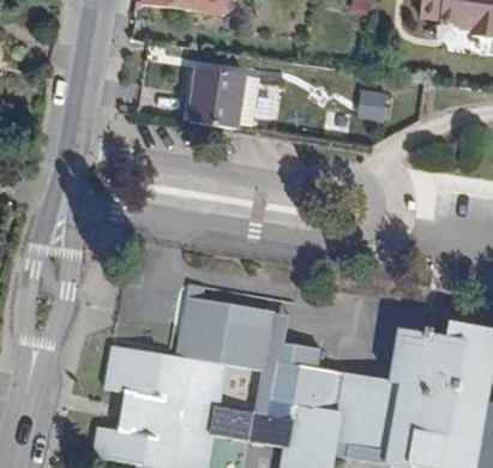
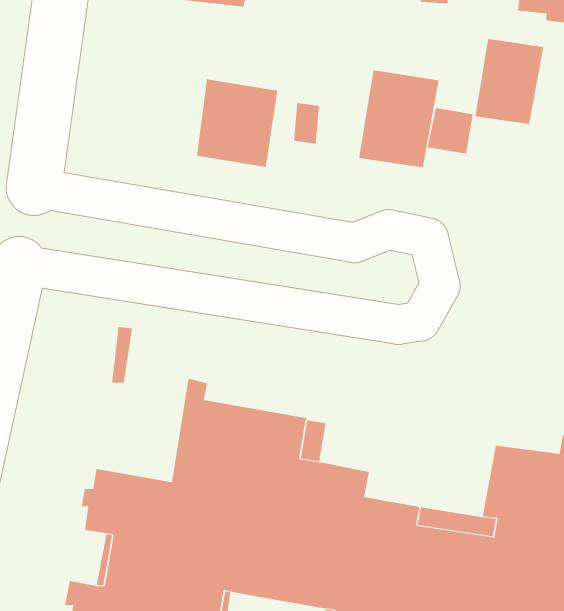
building: none -> [475,38,544,125]
building: none -> [358,70,439,168]

